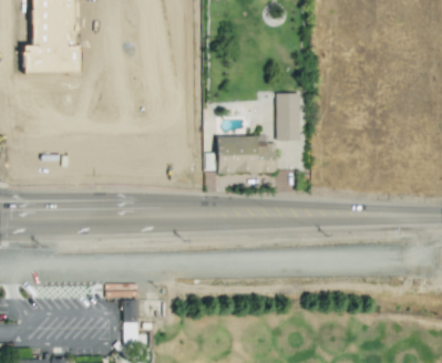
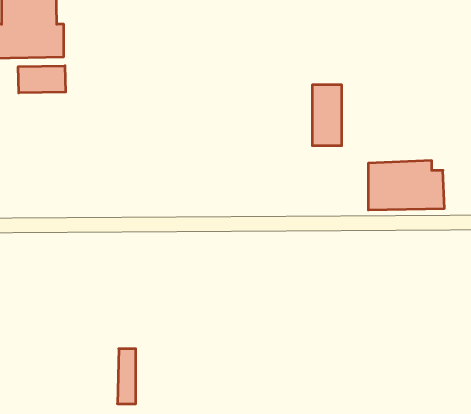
building: none -> [18,66,66,93]
building: [217,135,277,174] -> [368,161,444,210]

